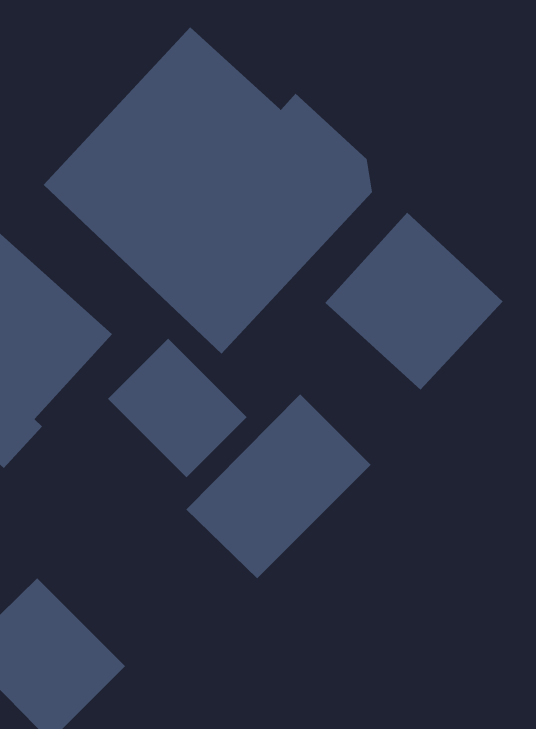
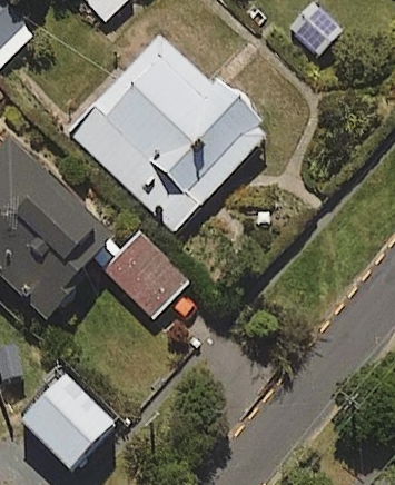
building: [324,212,503,390] -> none
building: [185,393,372,579] -> none

